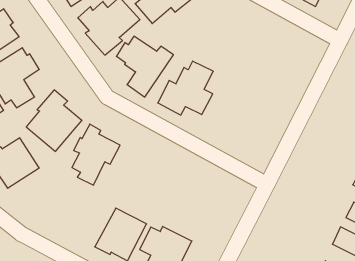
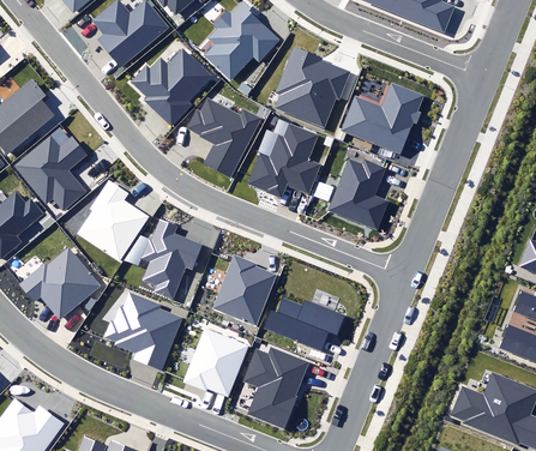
building: none -> [276,47,350,126]
building: none -> [341,83,423,155]
building: none -> [329,158,391,231]
building: none -> [213,255,277,326]
building: none -> [106,291,183,371]
building: none -> [264,299,347,350]

